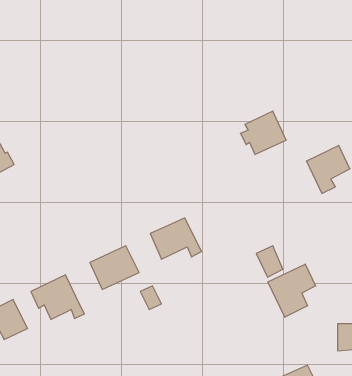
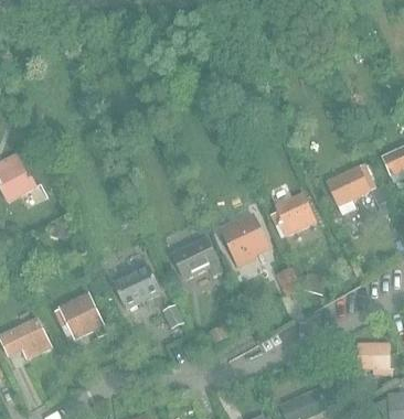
building: [240,111,286,155] -> [270,193,316,236]
building: none -> [224,215,268,264]
building: [268,264,316,317] -> none

